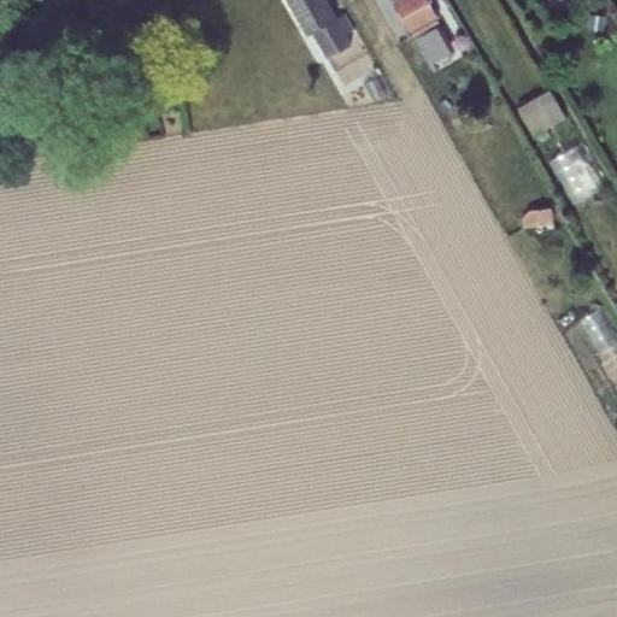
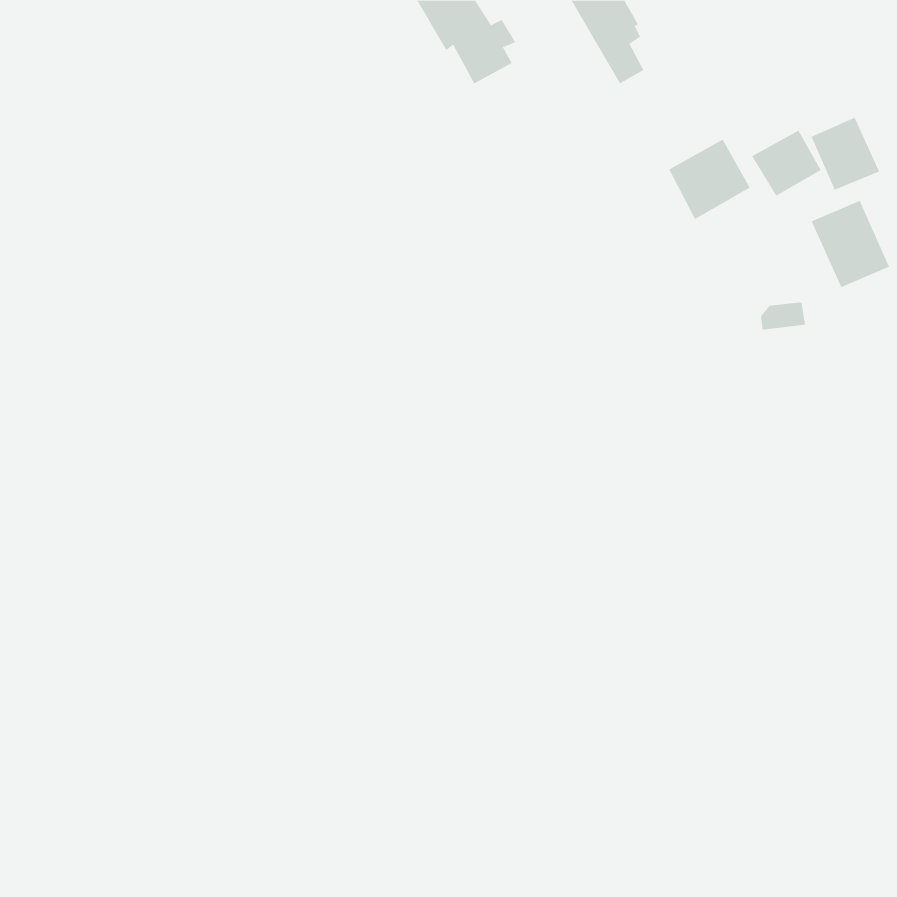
building: none -> [811,117,880,190]
building: none -> [668,139,751,220]

